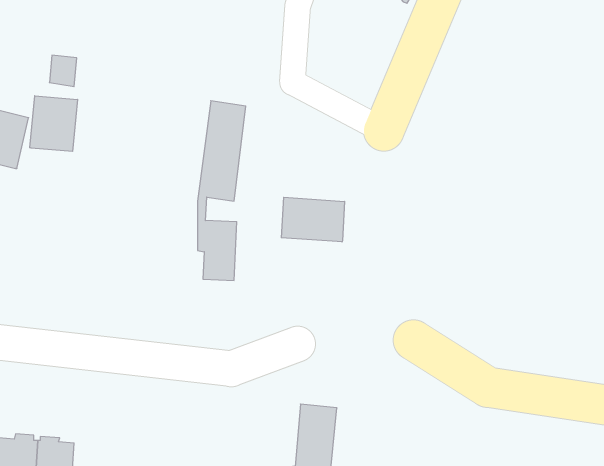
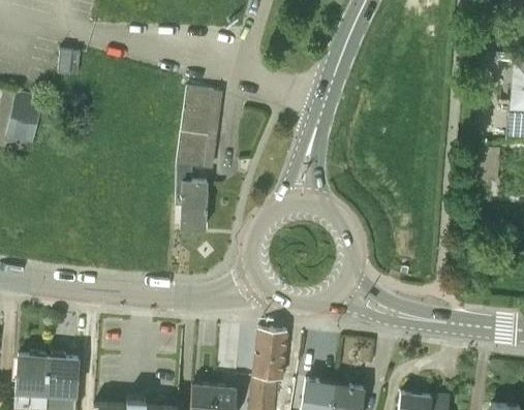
building: [30,96,78,151] -> none
building: [281,197,345,242] -> none

